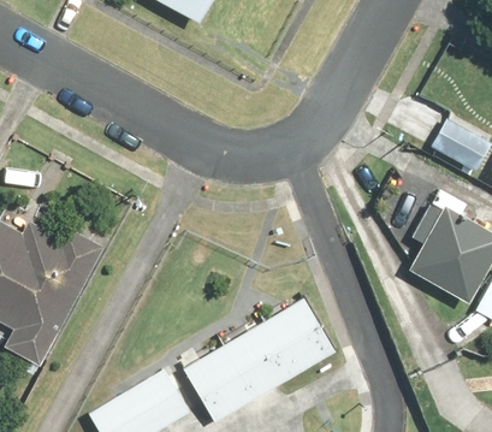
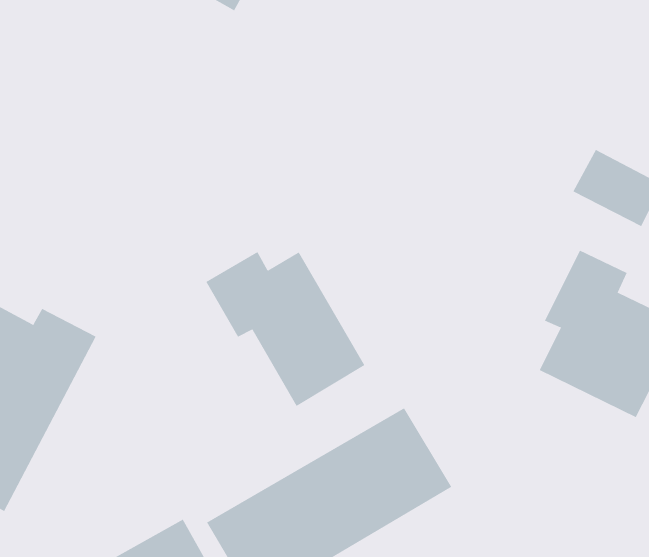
building: none -> [206,251,365,407]

